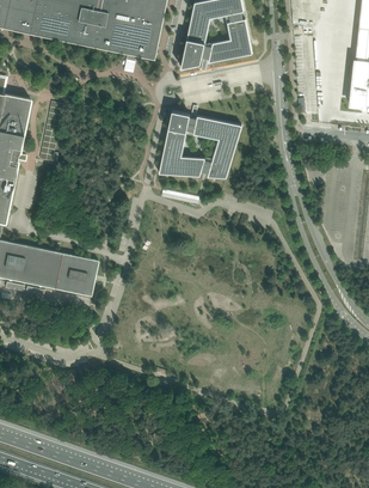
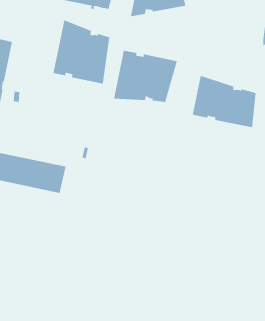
building: none -> [52,19,110,84]
building: none -> [192,75,256,128]

